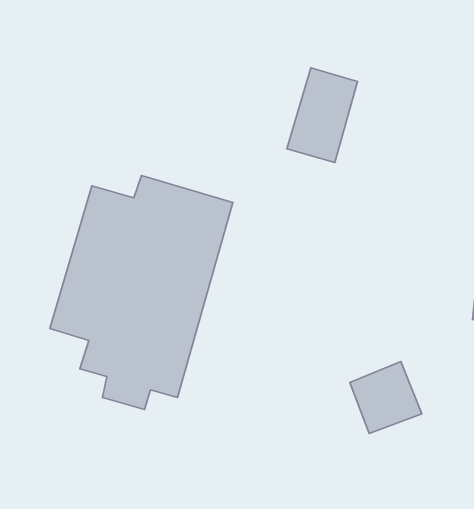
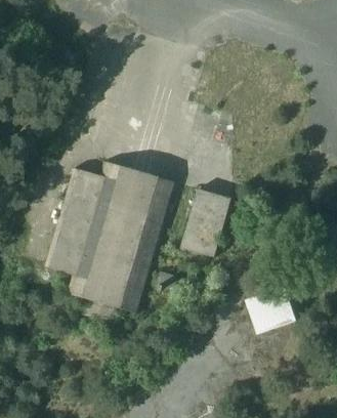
building: [287,68,357,162] -> [181,186,229,251]

